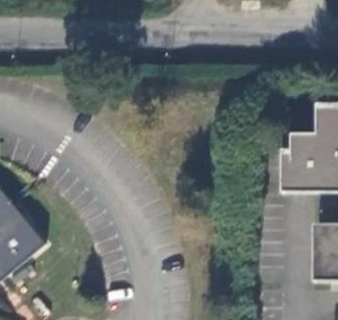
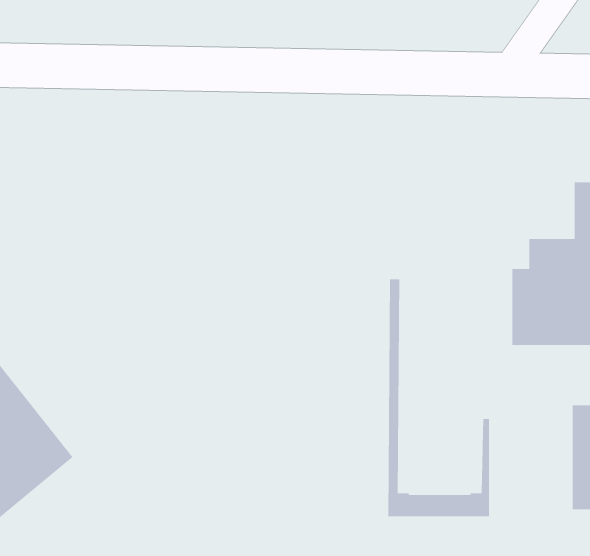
building: none -> [388,279,490,517]

